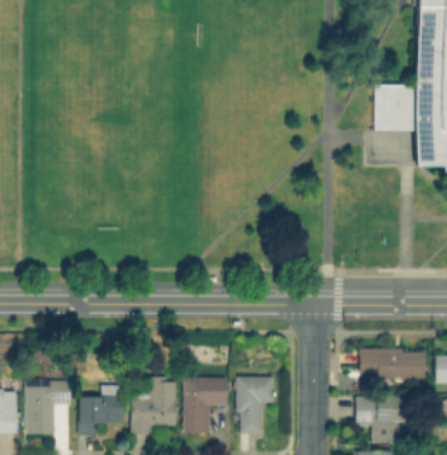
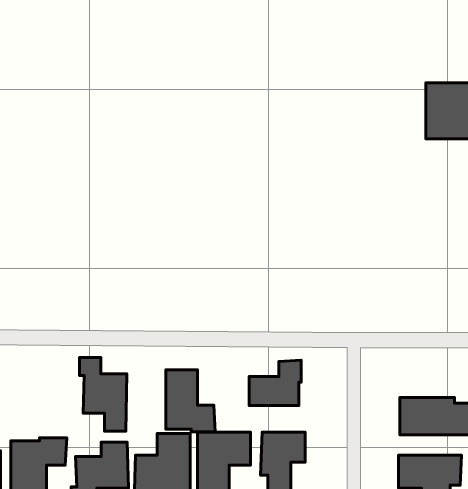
building: none -> [80,357,127,431]
building: none -> [249,360,301,405]
building: none -> [166,370,215,432]

